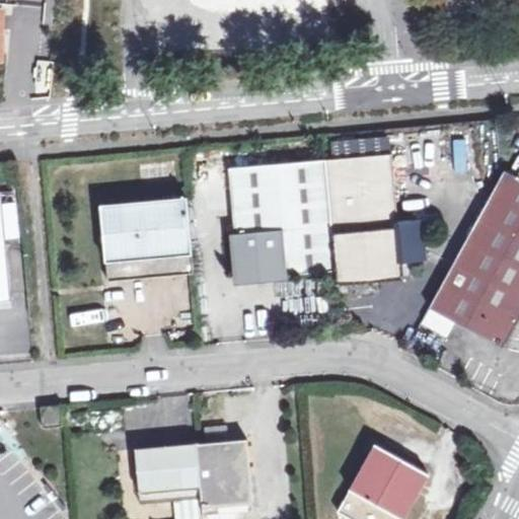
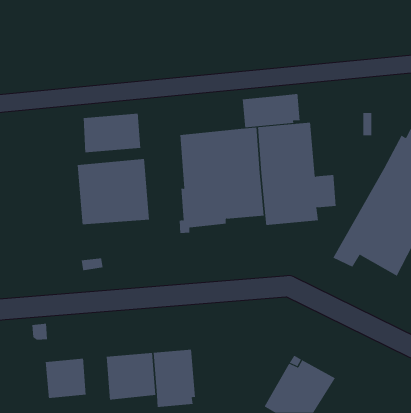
building: none -> [242,93,300,128]
building: none -> [83,113,141,153]
building: none -> [45,358,86,399]

